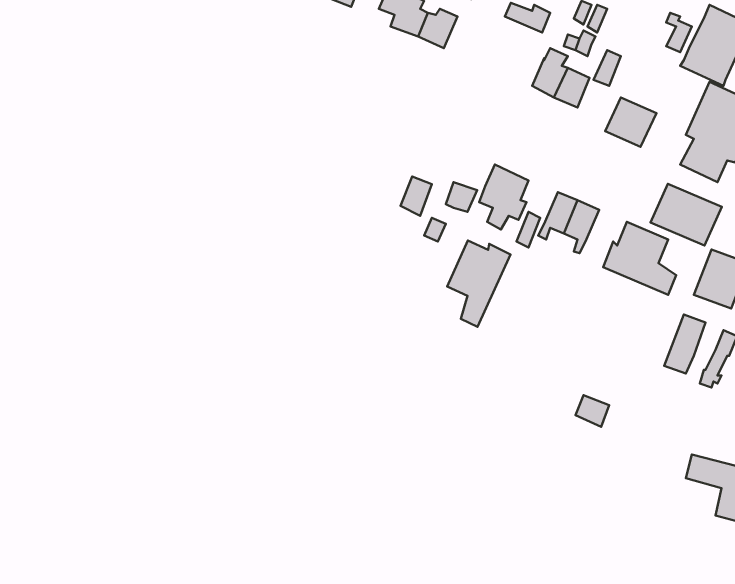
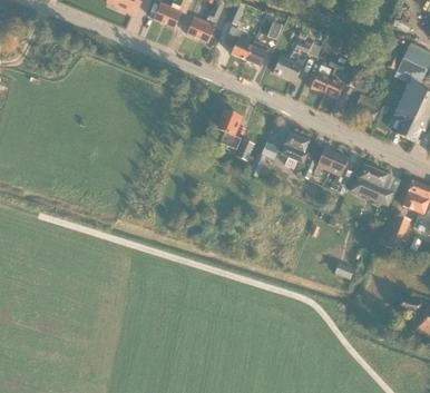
building: none -> [273,56,304,82]
building: none -> [216,109,242,149]
building: [650,184,722,245] -> none
building: [447,240,510,327] -> none

